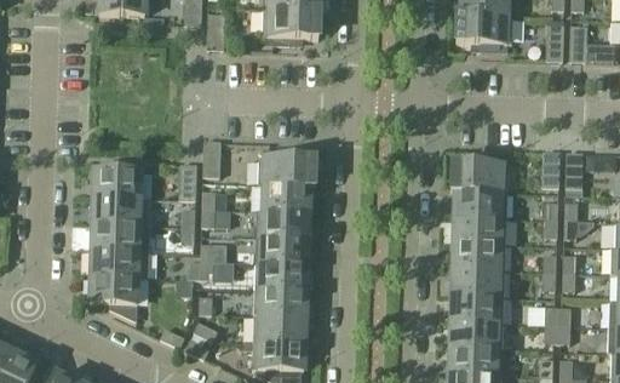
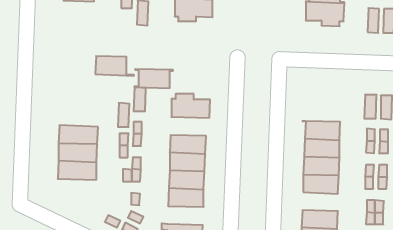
building: [452,155,509,190] -> none
building: [94,168,151,198] -> [95,56,134,76]
building: [258,183,315,211] -> [134,69,173,88]
building: [91,274,149,319] -> none
building: [452,293,504,321] -> none
building: [254,314,306,342] -> none

